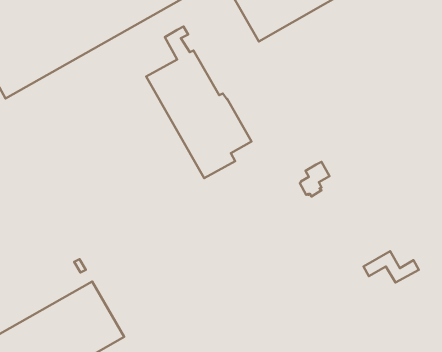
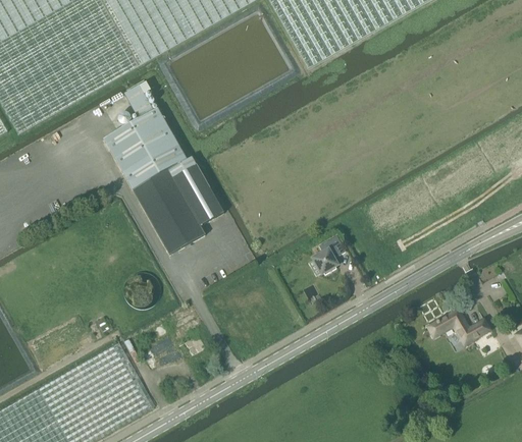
building: [146,26,251,178] -> [103,79,223,253]
building: [300,162,329,197] -> [312,233,346,273]

